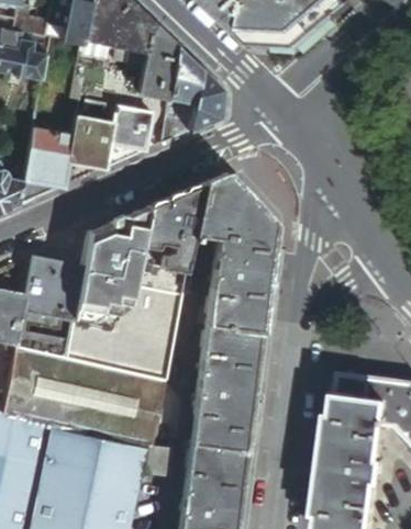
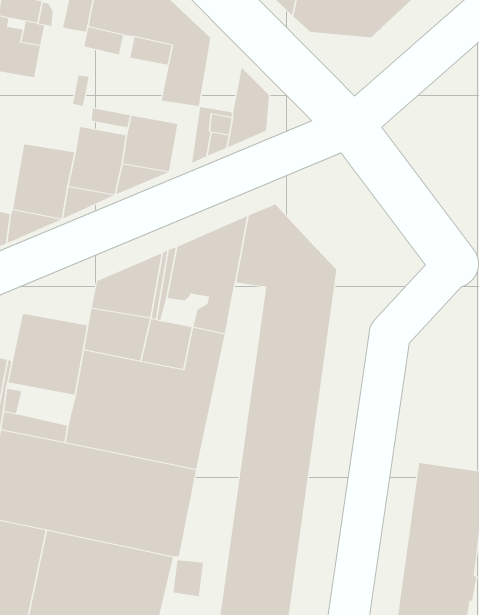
building: [168,47,200,104] -> none

